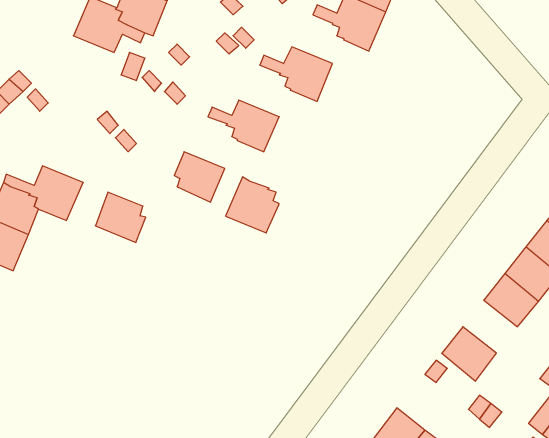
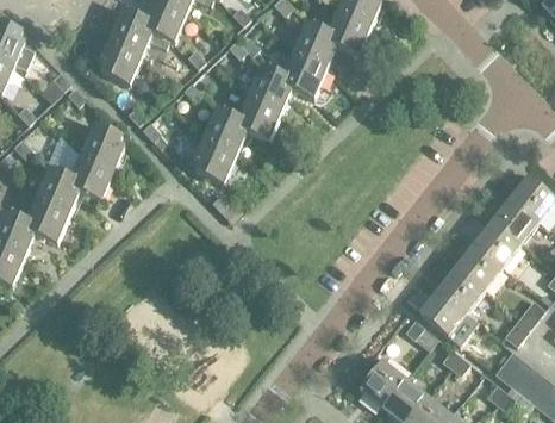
building: none -> [293,23,337,67]
building: none -> [98,43,142,86]
building: none -> [248,66,292,112]
building: [226,177,279,233] -> [201,108,247,156]
building: [95,192,146,242] -> [81,125,124,168]
building: none -> [438,268,485,313]

